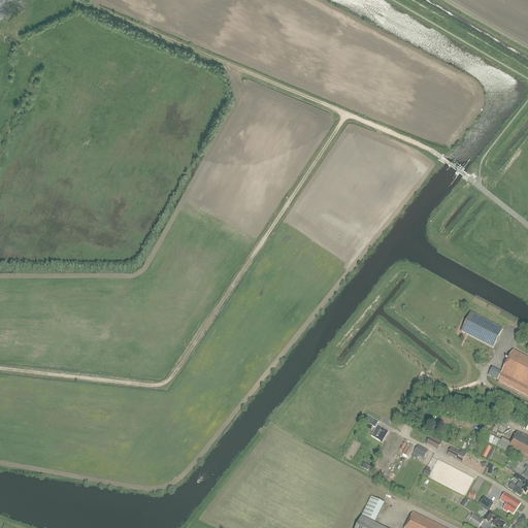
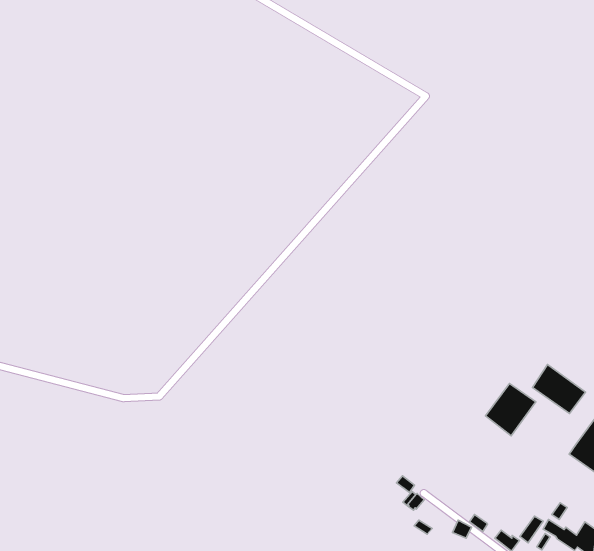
building: none -> [485,384,536,436]

